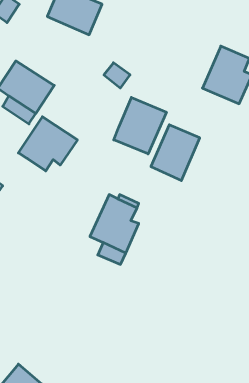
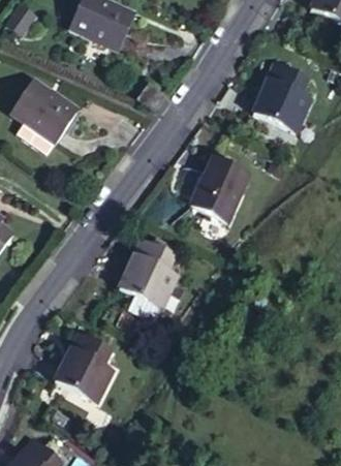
building: [114,97,166,154] -> none
building: [18,117,77,171] -> none
building: none -> [54,332,113,402]

